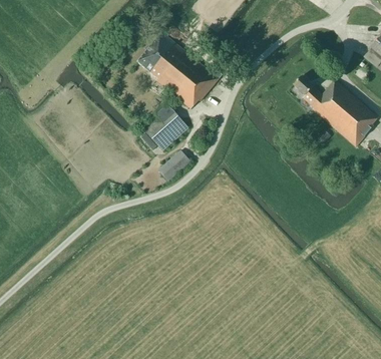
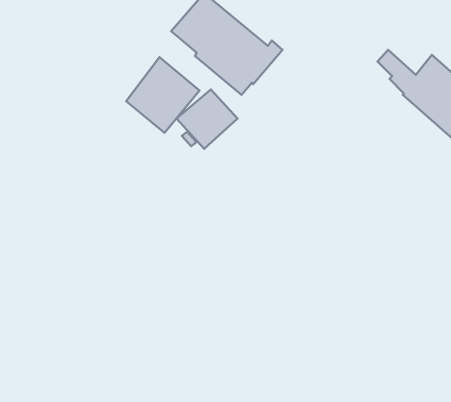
building: none -> [126,57,200,133]
building: [159,149,190,180] -> none

